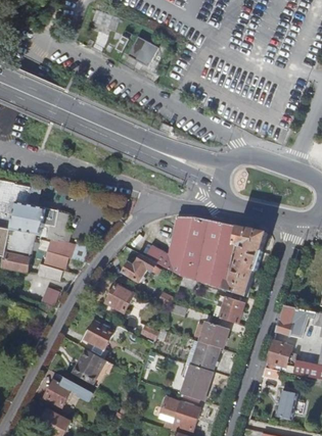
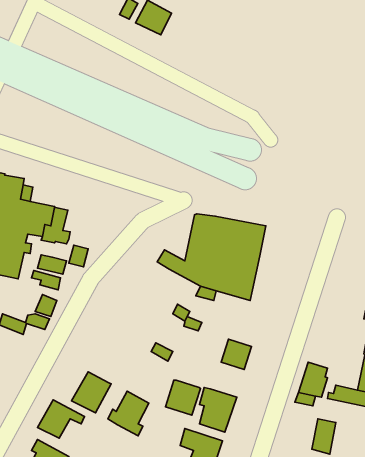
building: [224,226,267,296] -> none
building: [122,254,155,282] -> none
building: [105,284,134,311] -> none
building: [218,297,243,324] -> none
building: [276,304,317,337] -> none
building: [79,321,113,358] -> [108,391,149,436]
building: [190,341,220,371] -> [165,380,200,415]

